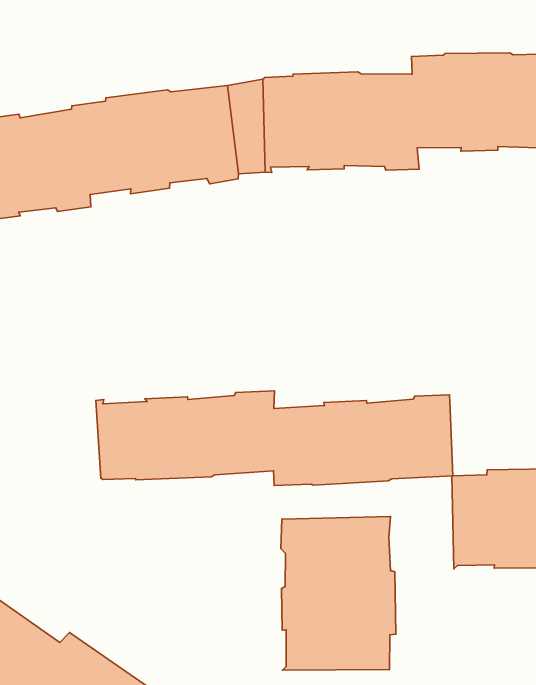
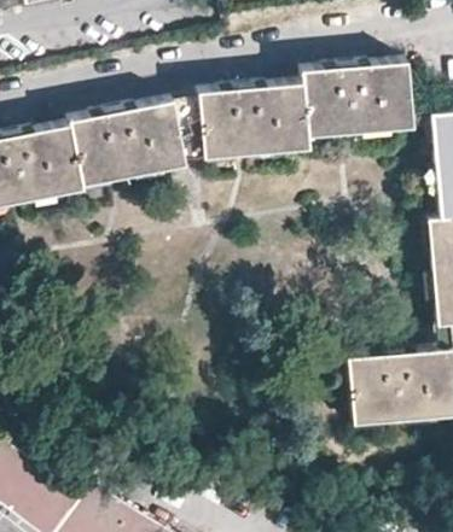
building: [96,391,453,486] -> none
building: [281,516,396,670] -> none

